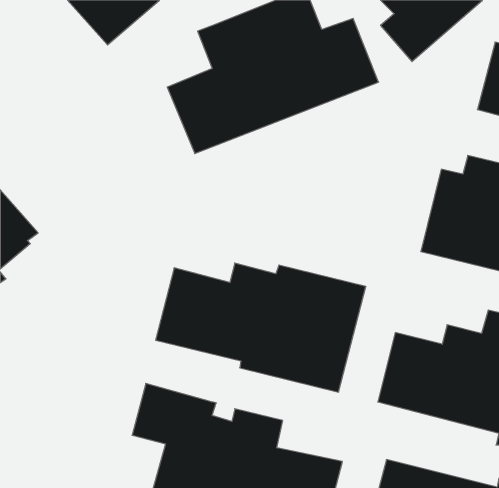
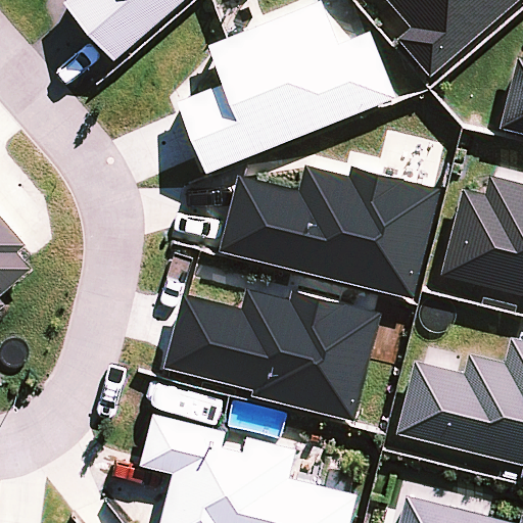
building: none -> [220,164,439,299]

